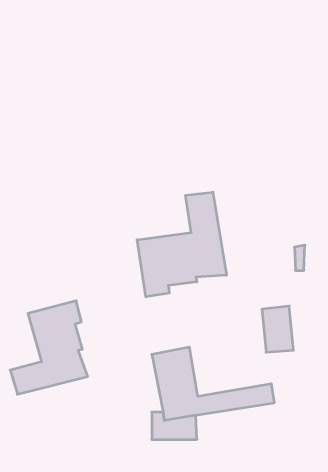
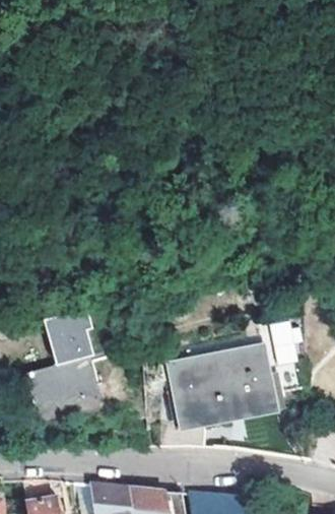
building: [137,192,226,297] -> none
building: none -> [200,344,306,404]

